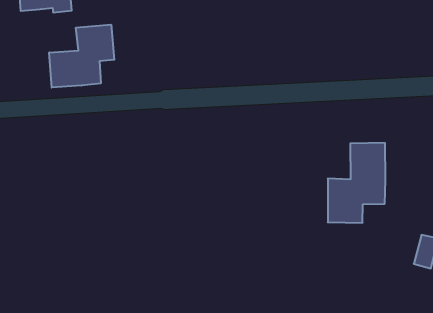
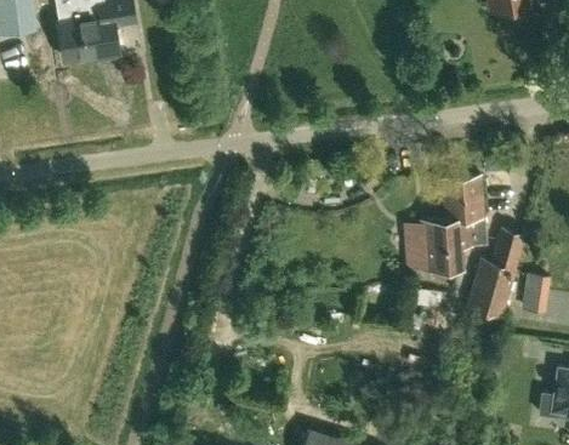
building: [49,25,114,88] -> none
building: none -> [467,232,524,318]

